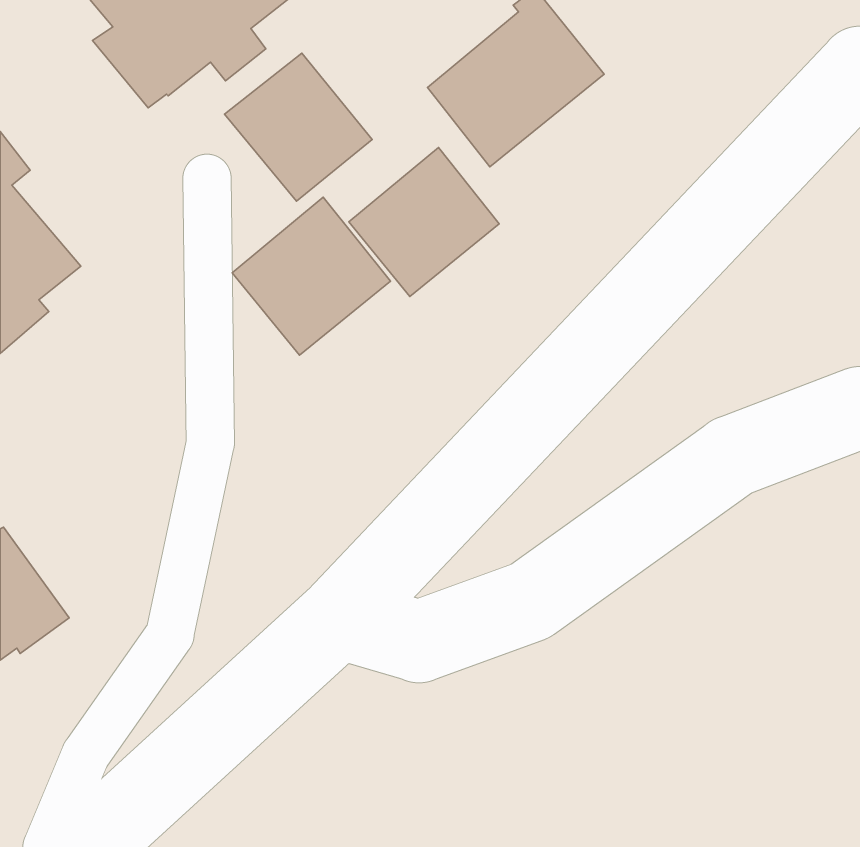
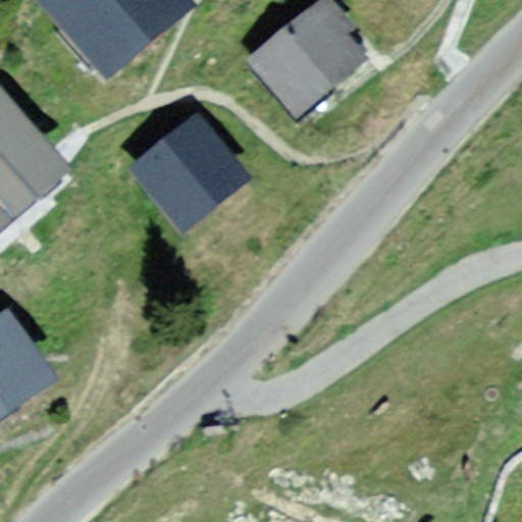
building: [225,53,372,201] -> none
building: [349,147,499,297] -> none

